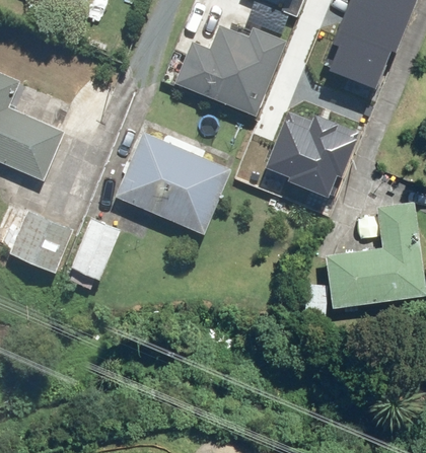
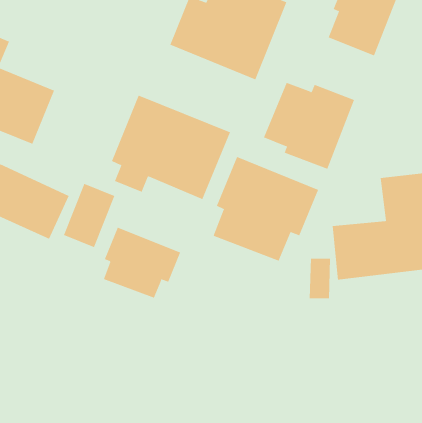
building: none -> [213,156,319,261]
building: none -> [103,227,181,299]

